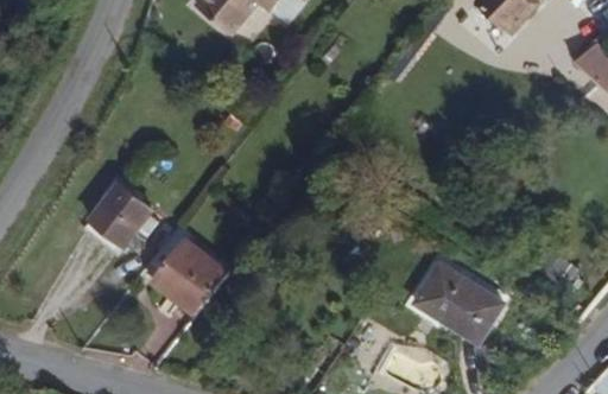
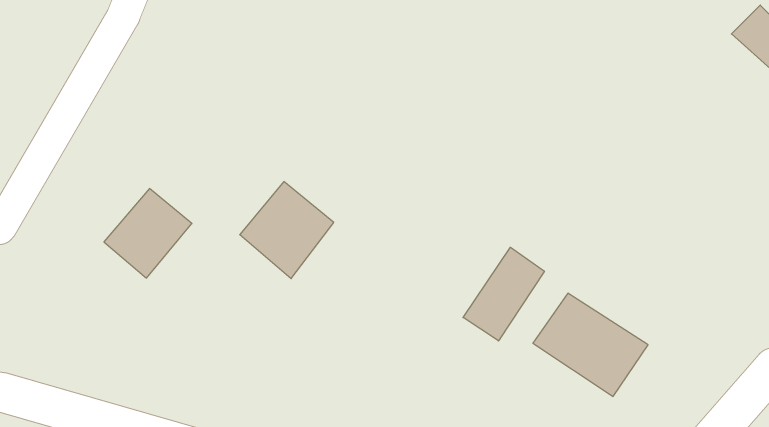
building: none -> [463,247,544,341]
building: [154,237,228,313] -> [240,182,334,279]

